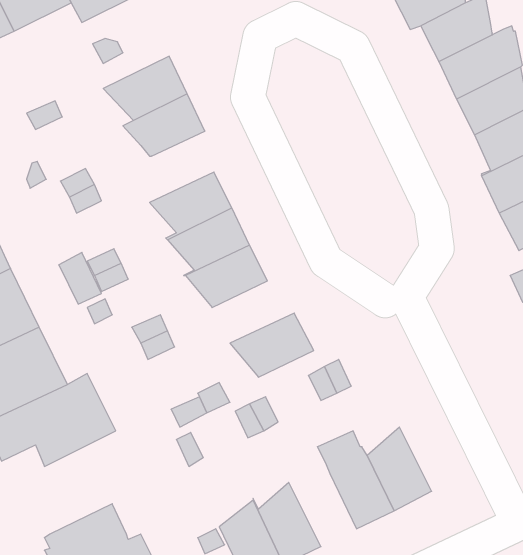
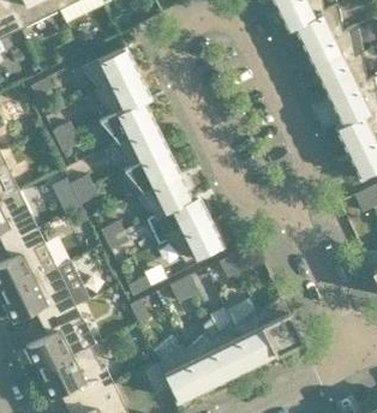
building: none -> [100,97,155,145]
building: none -> [145,194,209,245]
building: none -> [25,306,94,371]
building: none -> [203,318,251,377]

